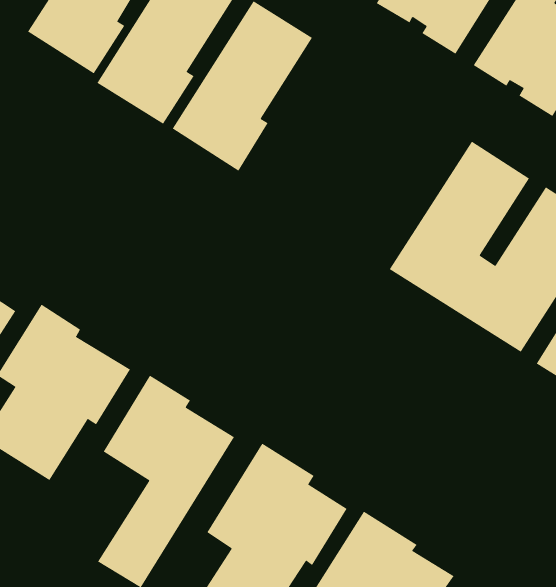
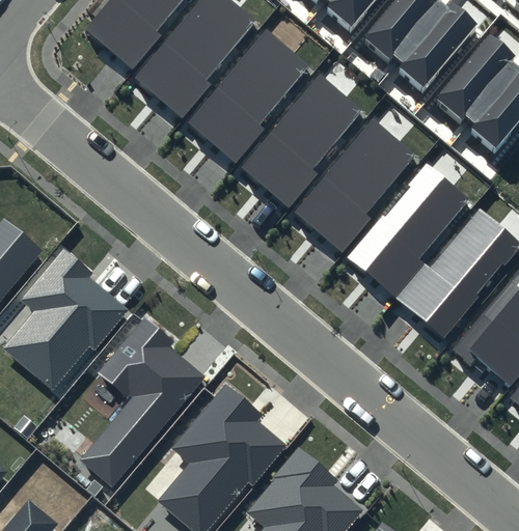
building: none -> [242,73,364,207]
building: none -> [295,118,417,253]

